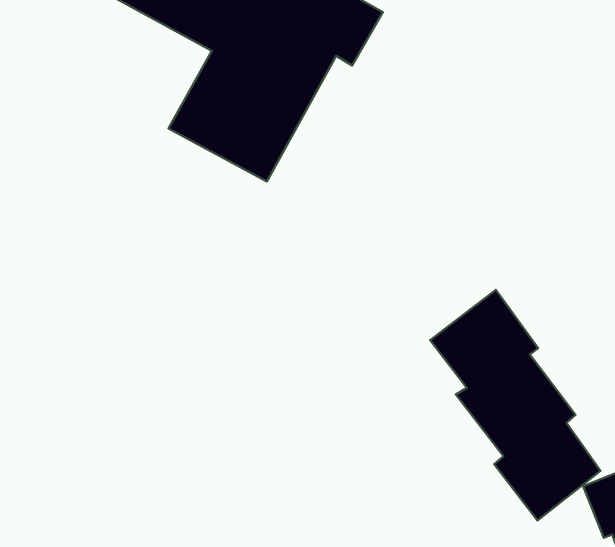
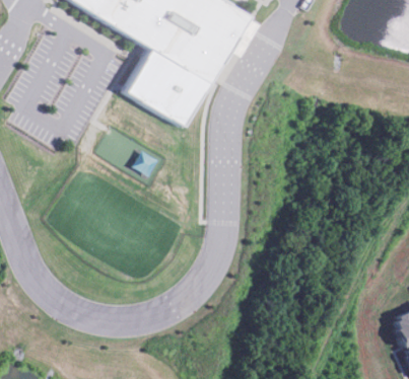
building: [430,290,600,521] -> none

